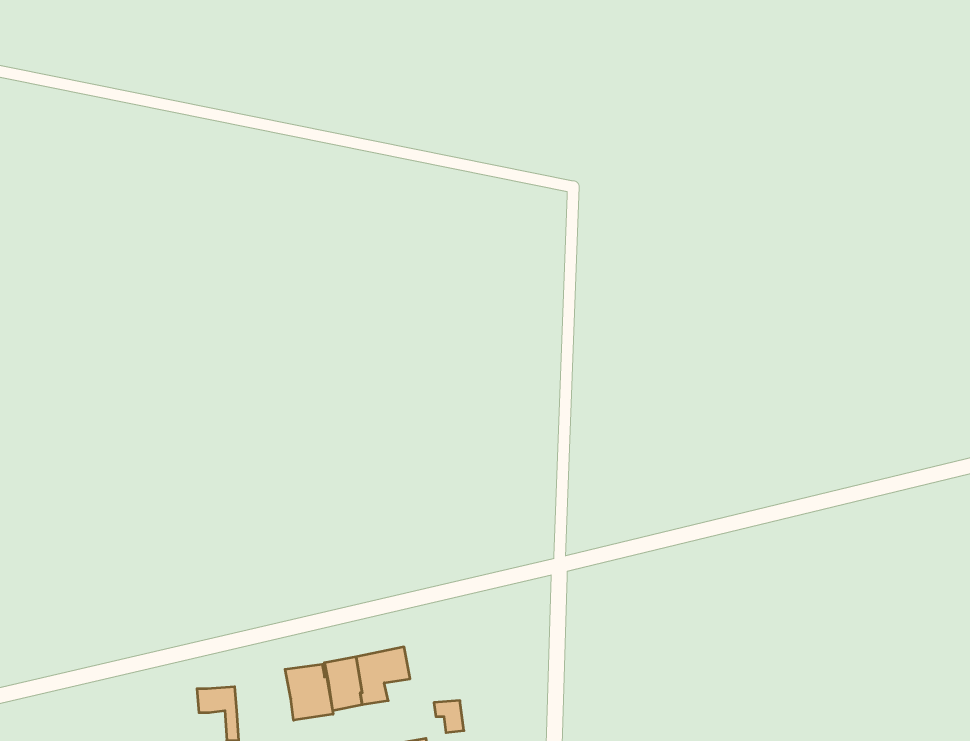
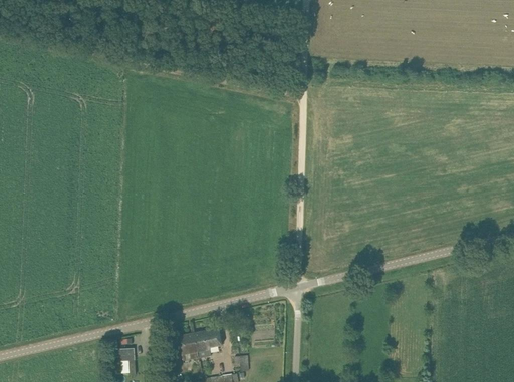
building: [285,664,333,720] -> none

